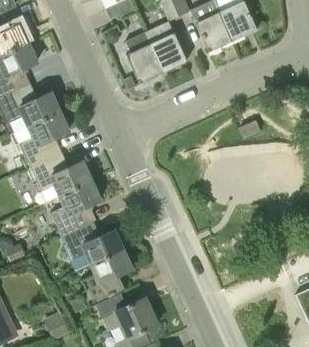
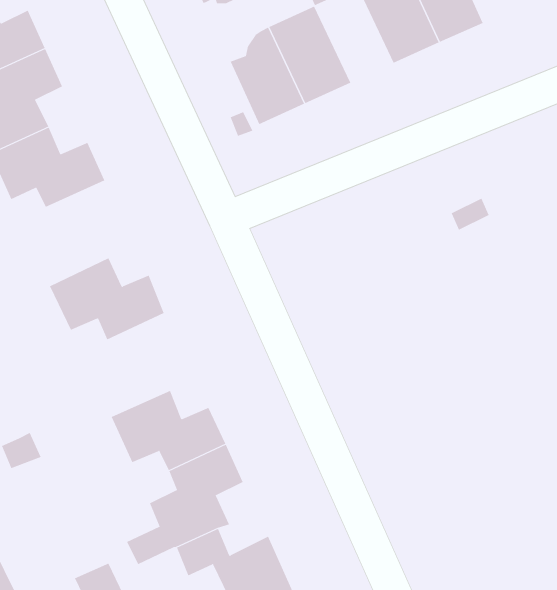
building: [14,112,68,167] -> none
building: [50,181,100,235] -> none

